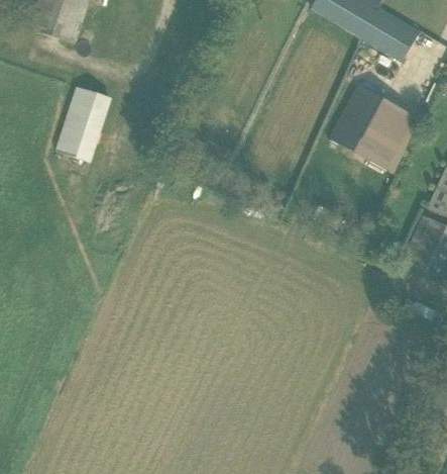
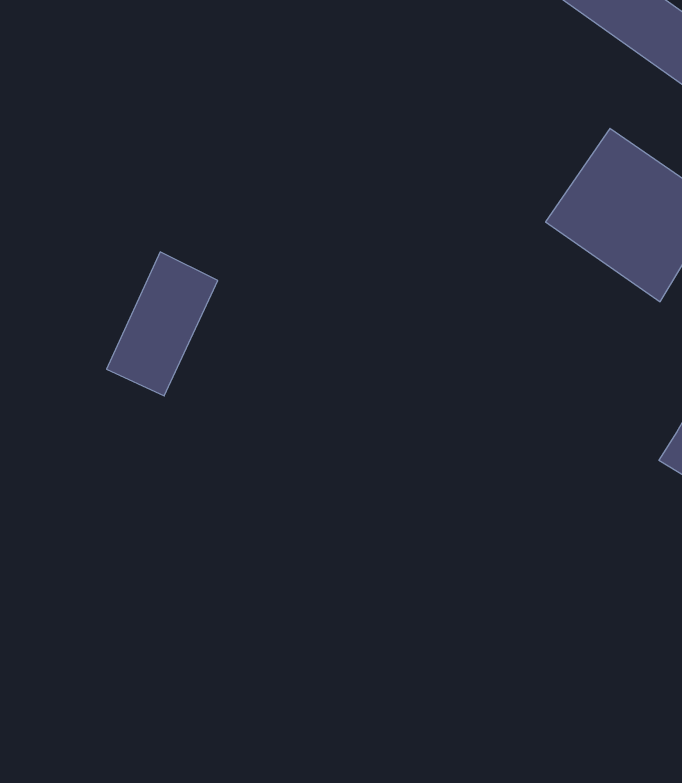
building: [55,84,110,161] -> [107,252,218,396]

